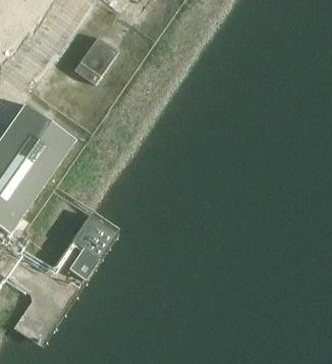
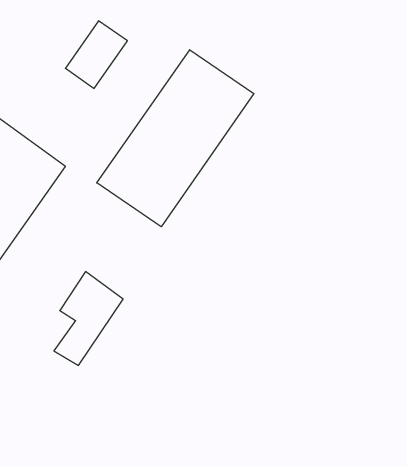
building: none -> [97,50,254,227]

